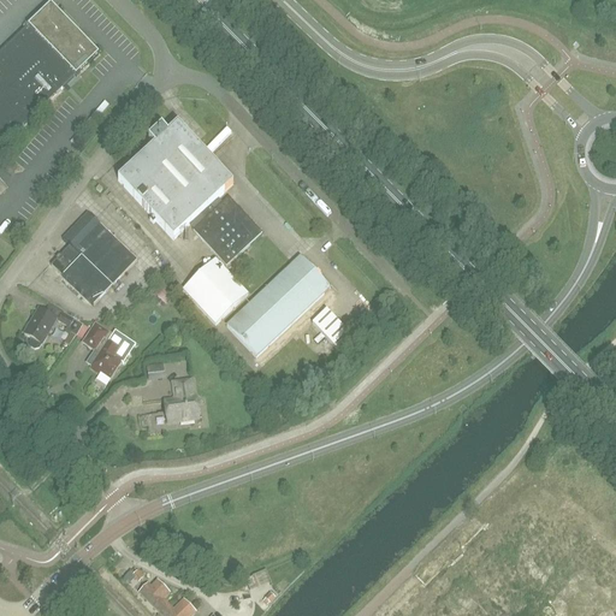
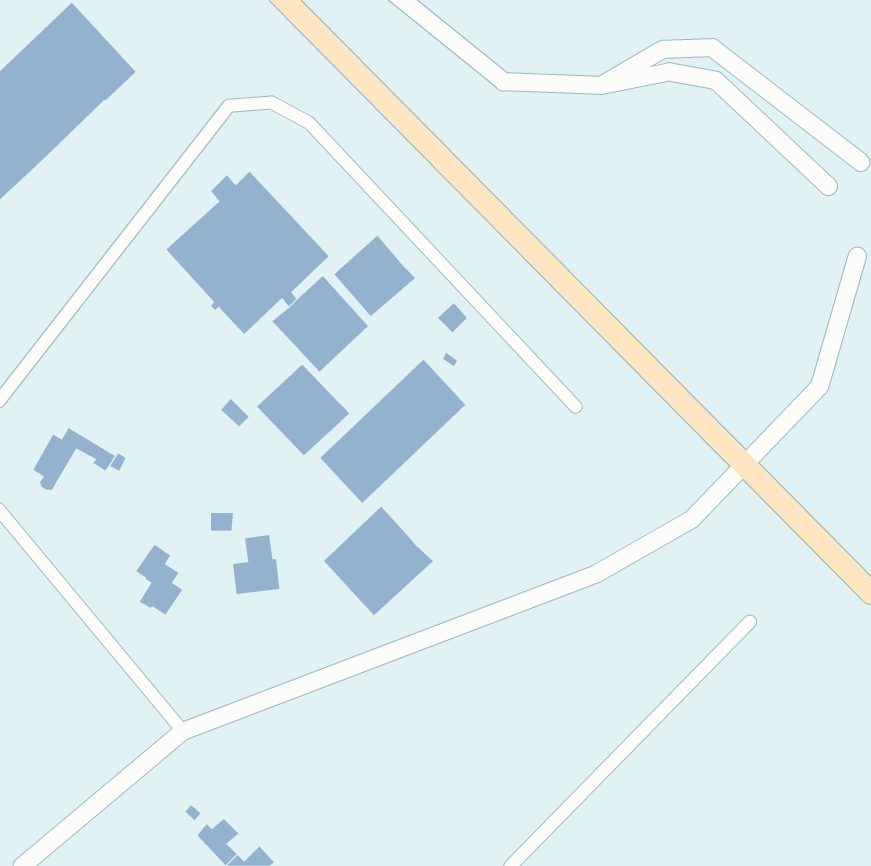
building: none -> [334,235,416,317]
building: [49,211,135,302] -> none
building: [87,324,120,374] -> [135,544,183,615]
building: none -> [323,506,434,616]

